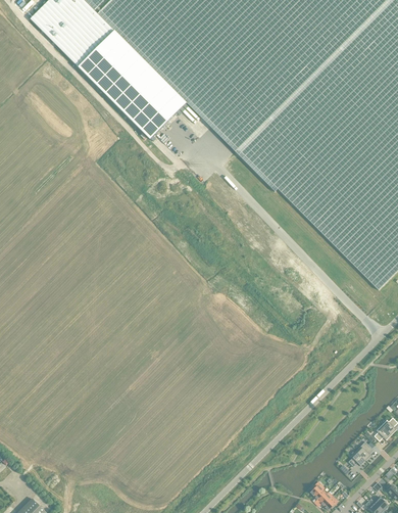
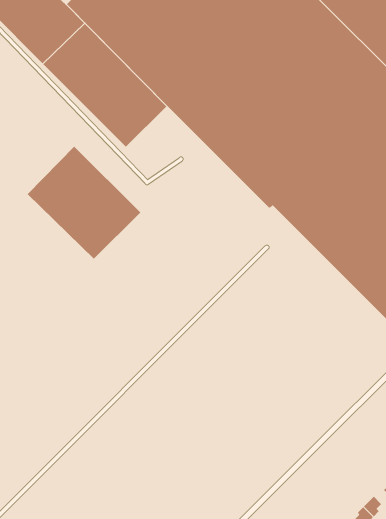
building: none -> [27,146,141,260]

